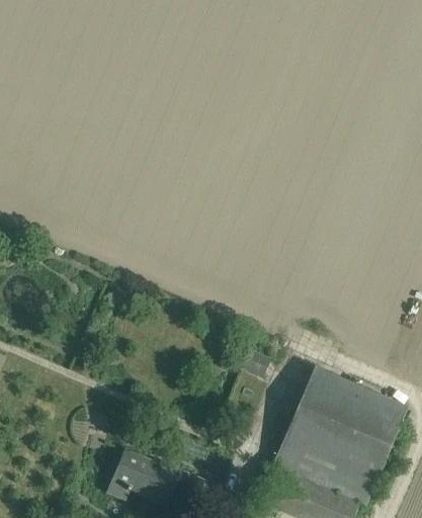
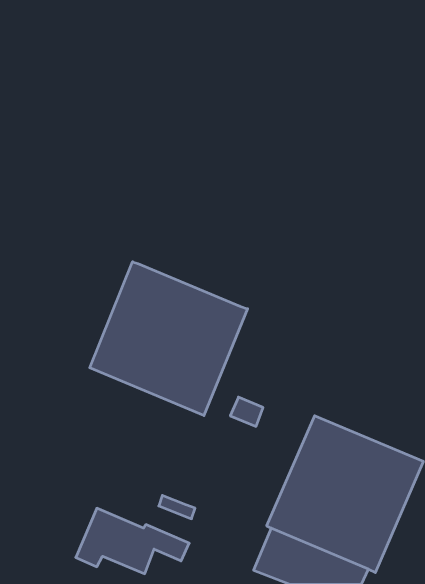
building: none -> [90,262,248,416]

